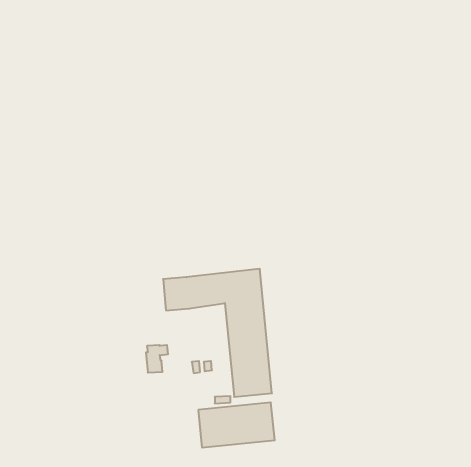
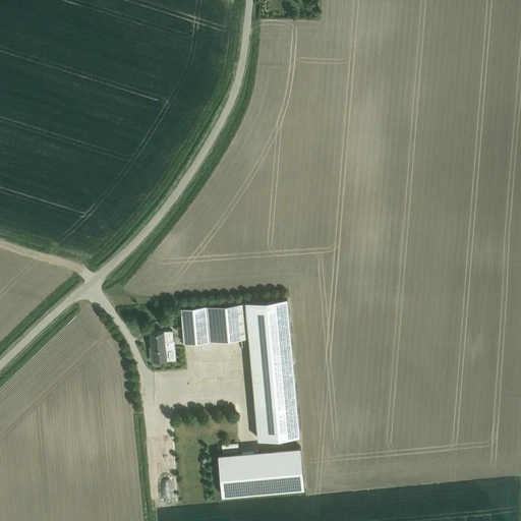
building: [146,345,168,373] -> [149,334,173,364]

